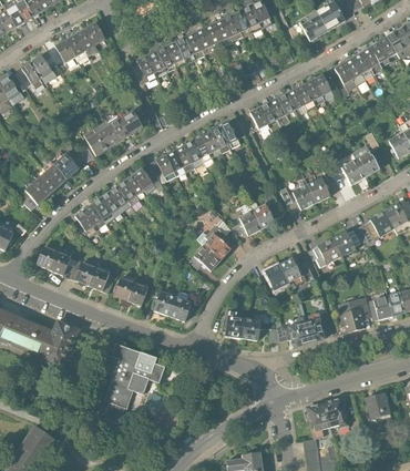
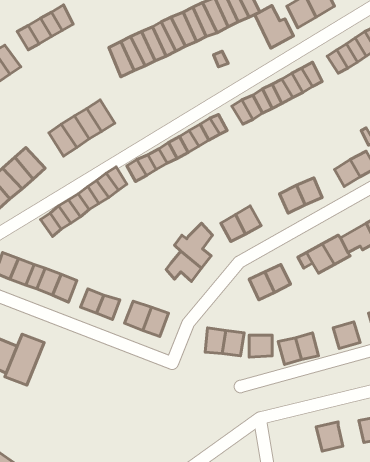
building: none -> [255,6,293,48]
building: [98,342,164,423] -> none
building: [307,403,331,430] -> none

